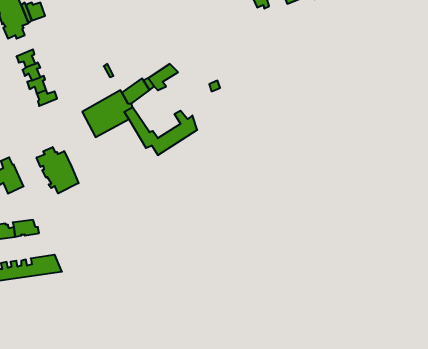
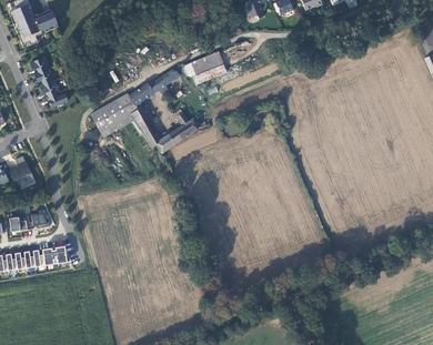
building: none -> [182,51,226,84]
building: [37,147,79,193] -> none

